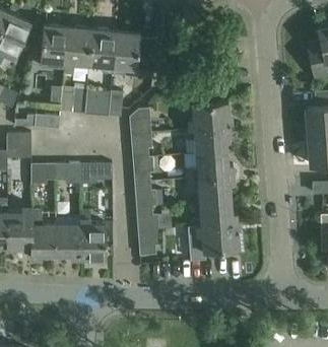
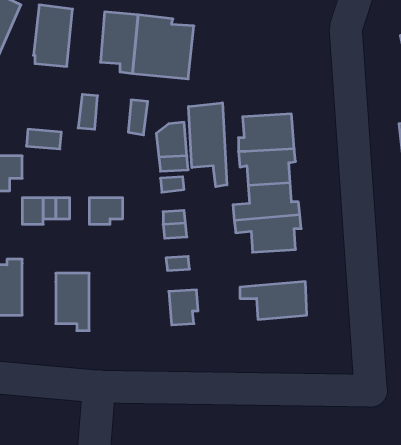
building: [64,25,91,72] -> none
building: [84,88,111,115] -> none
building: none -> [189,103,227,187]
building: [199,200,238,226] -> none
building: [31,210,56,260] -> none
building: [80,210,106,259] -> none

